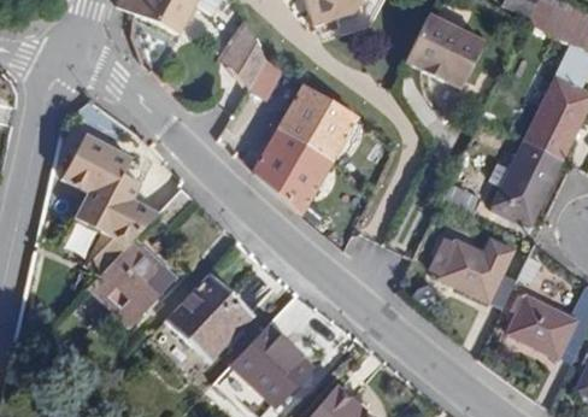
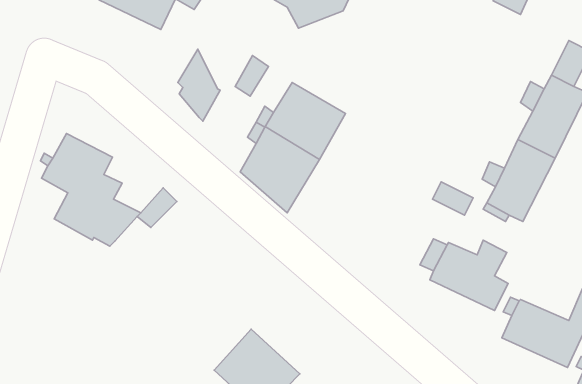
building: [407,11,484,84] -> none
building: [227,18,267,88] -> [178,49,220,121]
building: [89,239,176,325] -> none
building: [166,274,251,358] -> none

